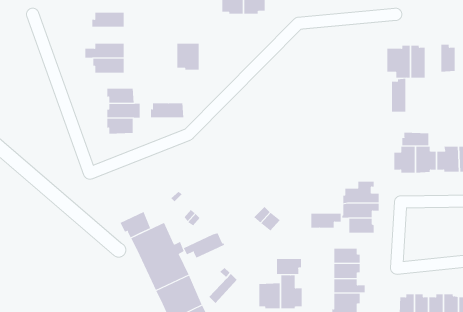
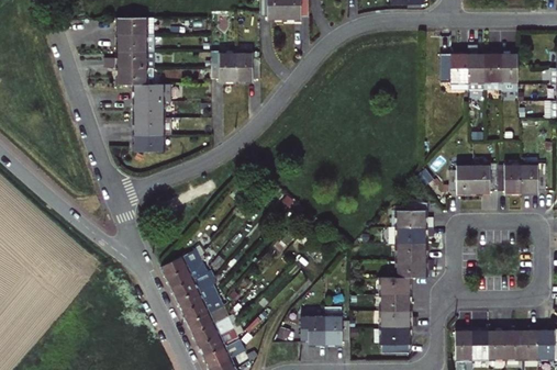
building: none -> [115,34,152,52]
building: none -> [234,52,258,81]
building: [391,78,406,112] -> [482,53,499,90]
building: [150,103,184,118] -> [132,85,169,101]
building: [402,132,429,146] -> none
building: [120,211,151,238] -> none
building: [311,213,342,228] -> [398,260,432,277]
building: [183,233,225,259] -> none
building: [277,258,302,275] -> none

